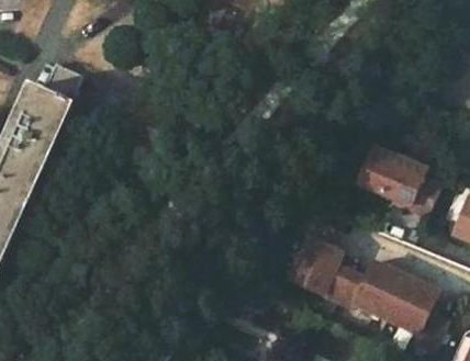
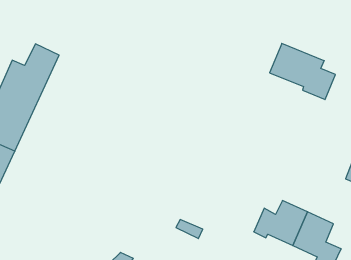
building: [356,145,439,216] -> [270,43,335,100]
building: [286,235,348,301] -> none

